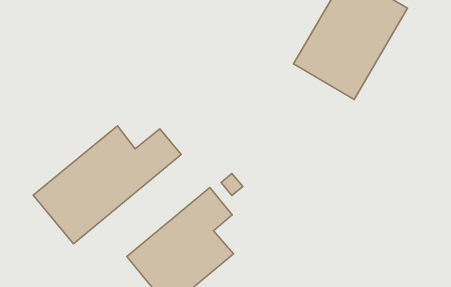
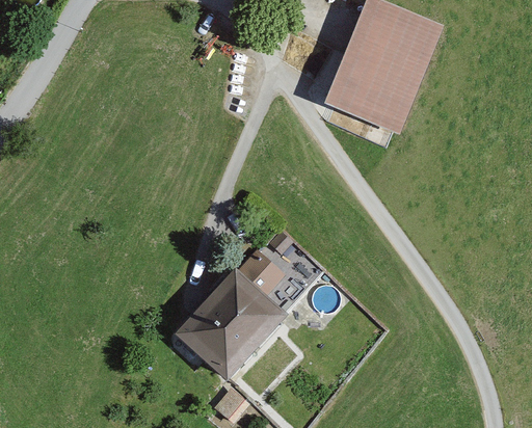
building: [33,126,181,244] -> none

